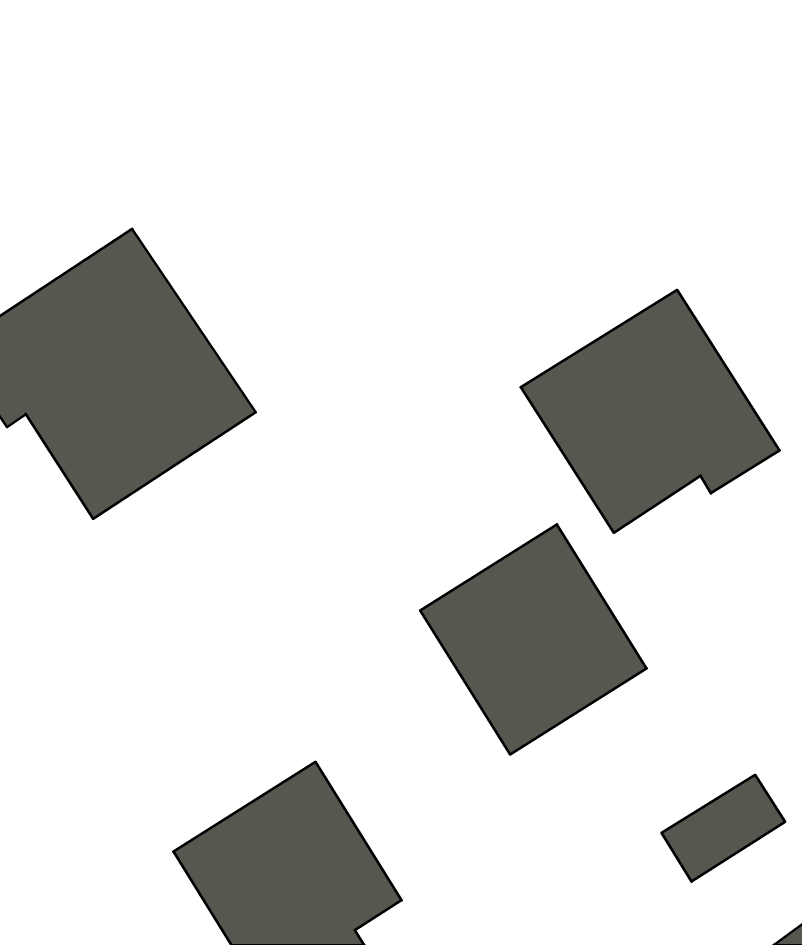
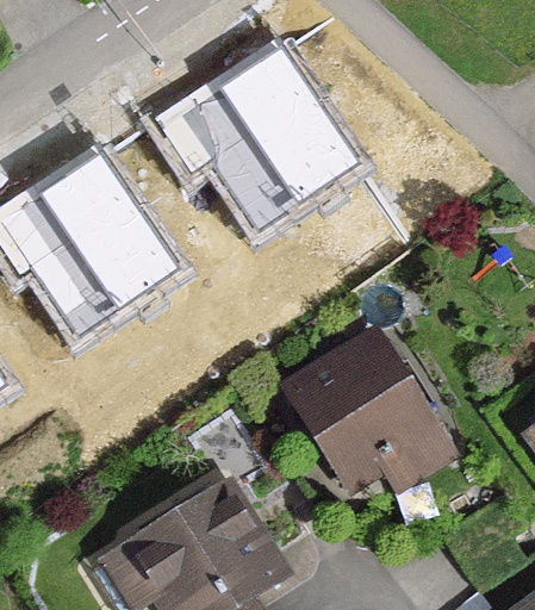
building: none -> [156,38,361,226]
building: [521,290,780,533] -> none

